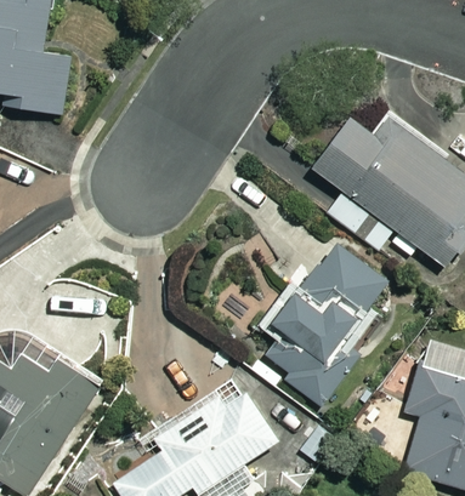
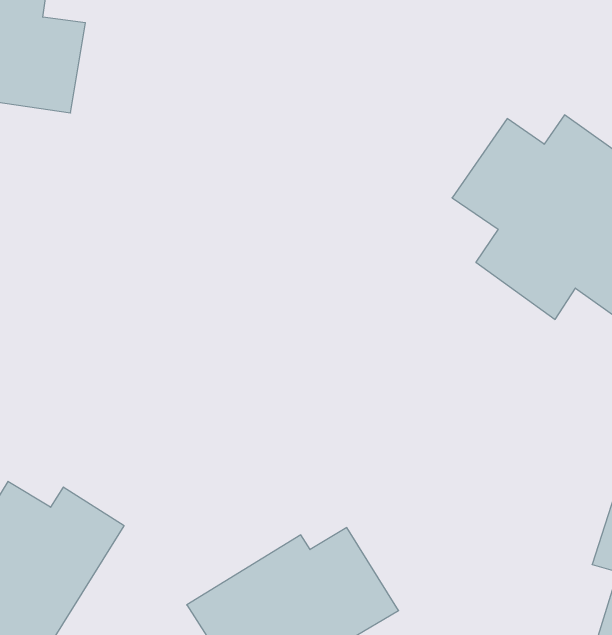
building: [262,244,387,405] -> none

